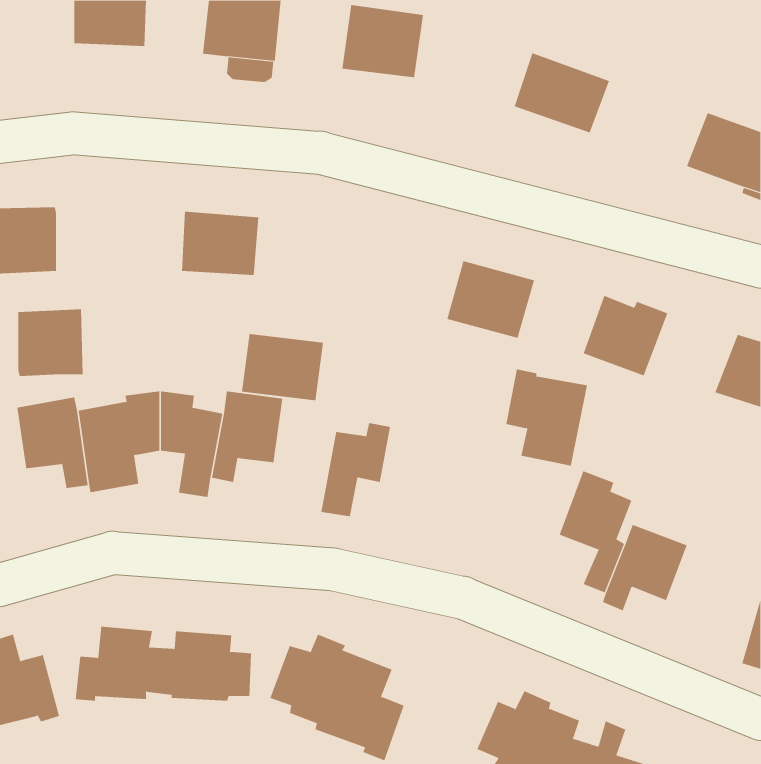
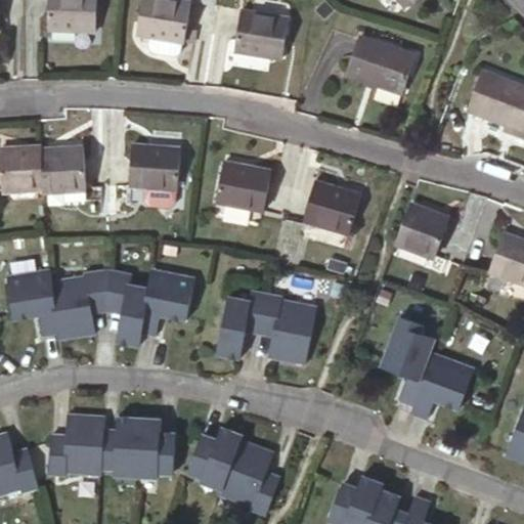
building: [18,309,83,376] -> [39,144,84,190]
building: [241,333,324,401] -> [211,165,267,211]
building: [506,369,588,466] -> [260,293,316,359]

